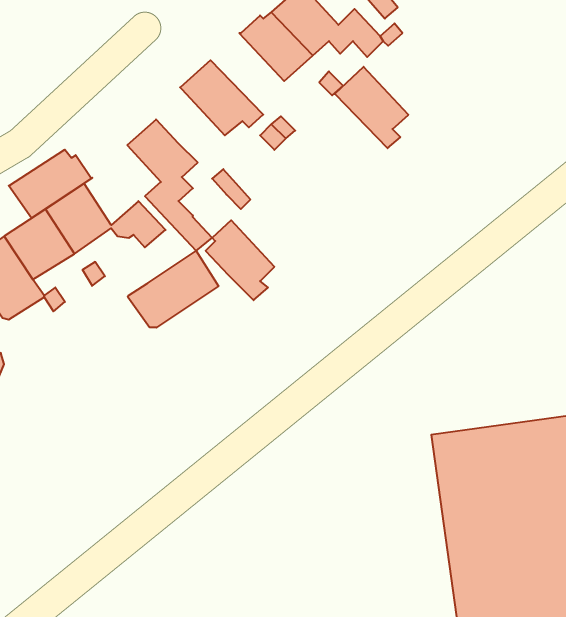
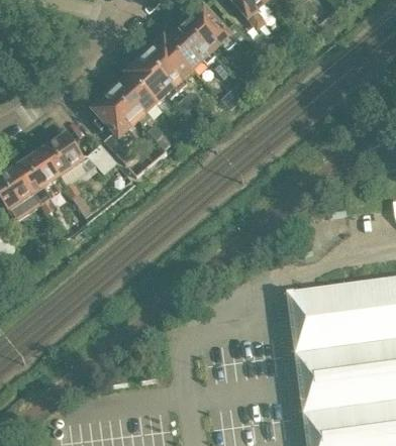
building: [335,67,408,148] -> [146,36,193,88]
building: [9,150,92,218] -> none
building: [206,220,274,300] -> [112,72,156,122]
building: [128,251,218,328] -> none

